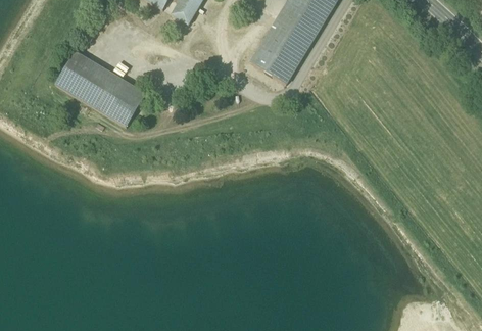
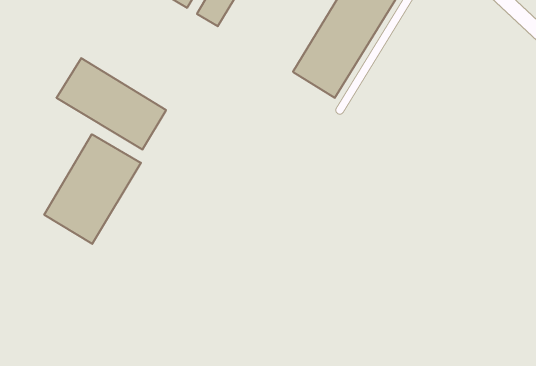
building: none -> [44,134,141,244]

